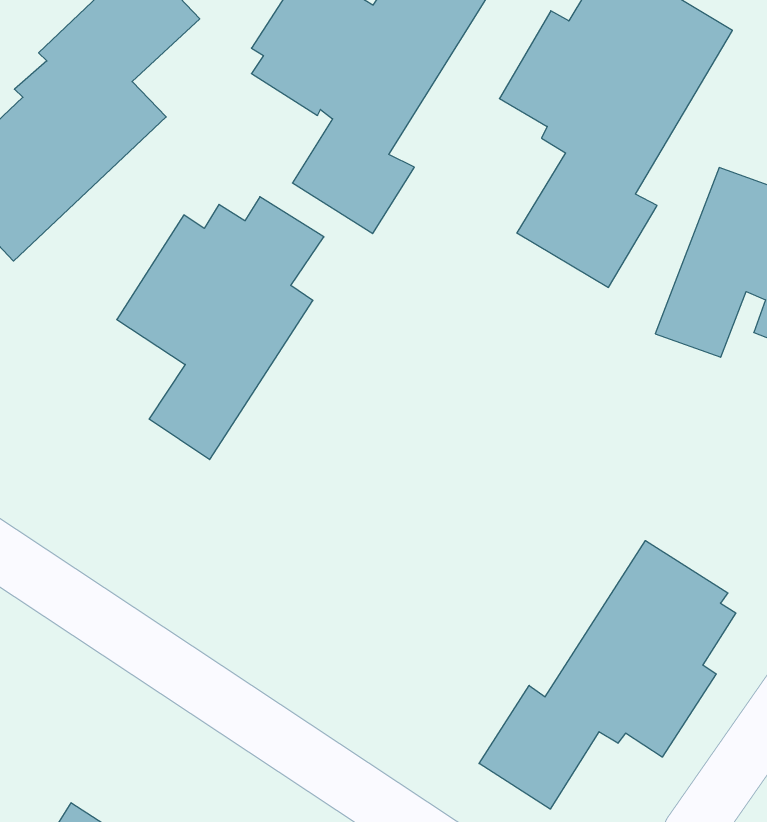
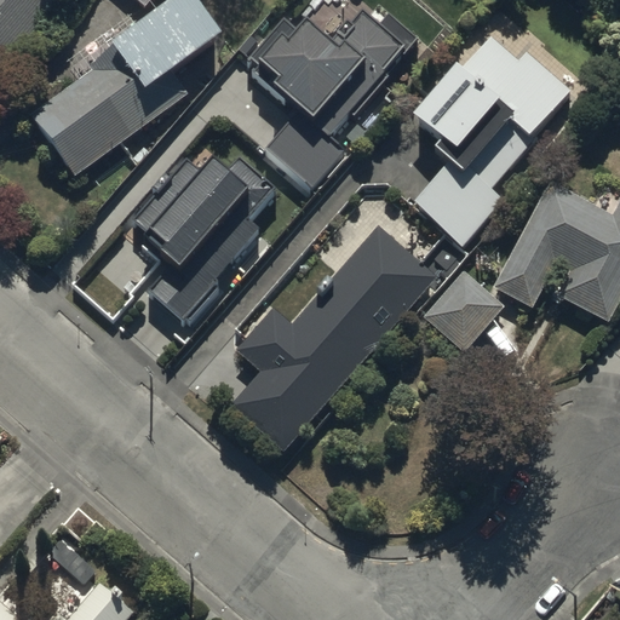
building: none -> [230,225,435,449]
building: none -> [423,270,505,352]
building: [479,541,736,809] -> none

